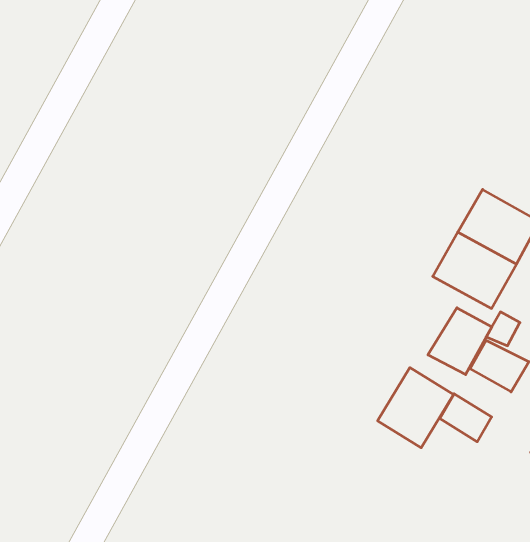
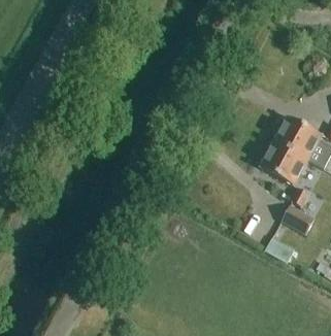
building: [428,308,492,375] -> none
building: [378,368,454,448] -> none

